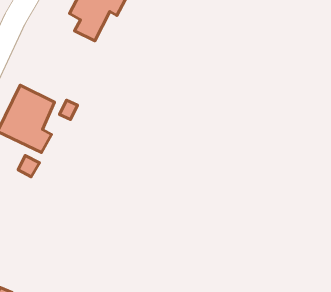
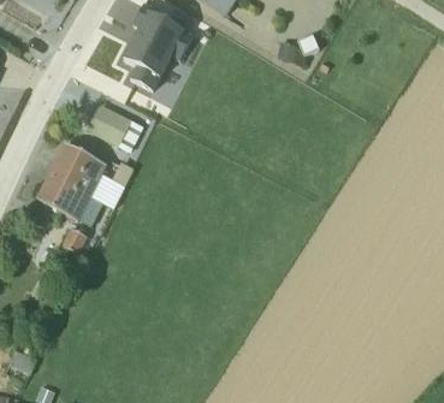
building: none -> [84,102,143,152]

